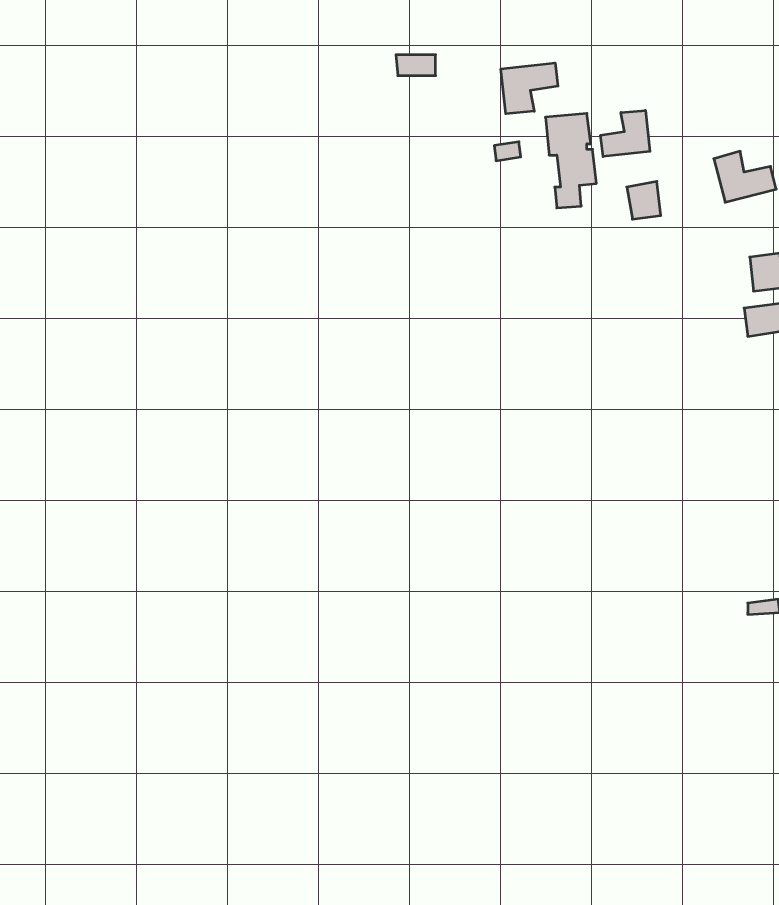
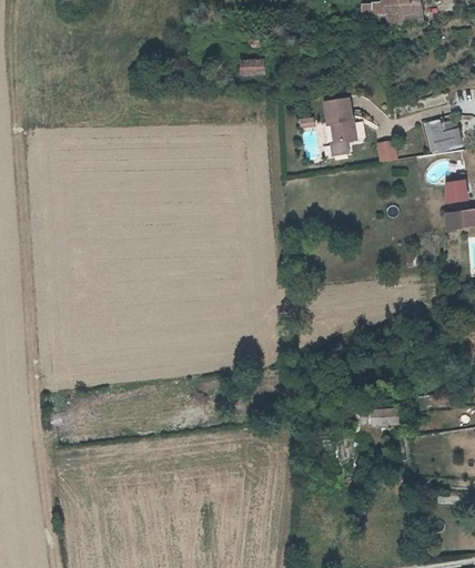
building: [501,63,558,114] -> none
building: [601,110,650,157] -> none

